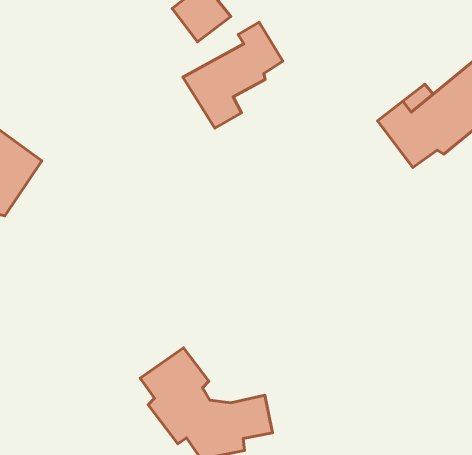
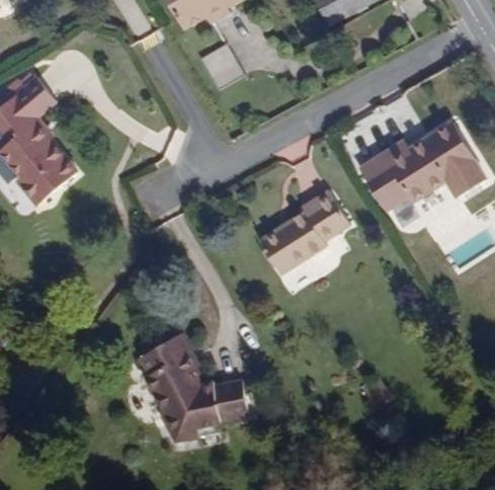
building: [183,22,283,128] -> none
building: none -> [274,190,363,276]

